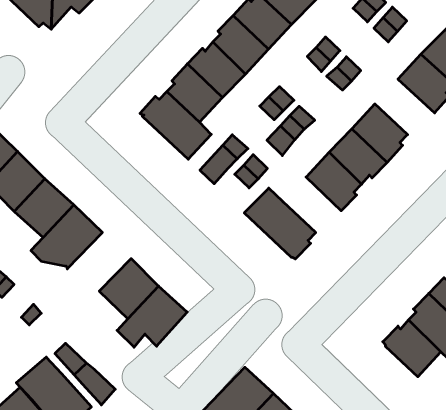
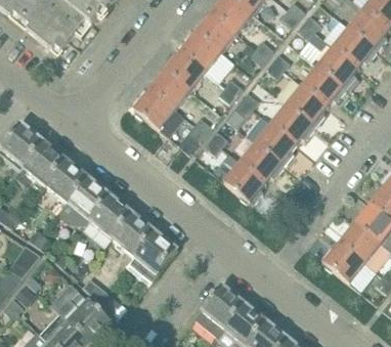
building: none -> [302,66,346,105]
building: none -> [241,142,284,182]
building: none -> [87,194,133,237]

